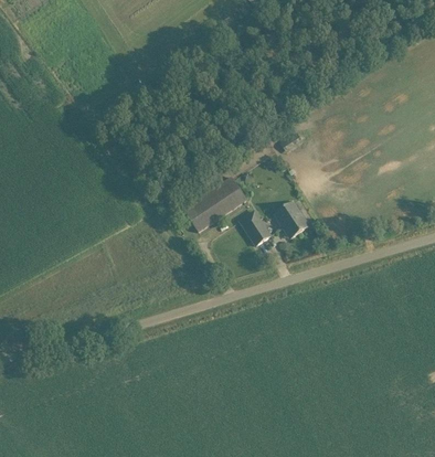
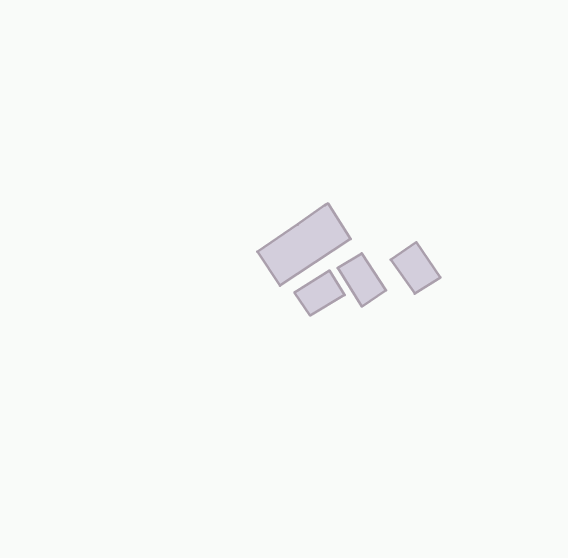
building: none -> [295,271,345,315]

